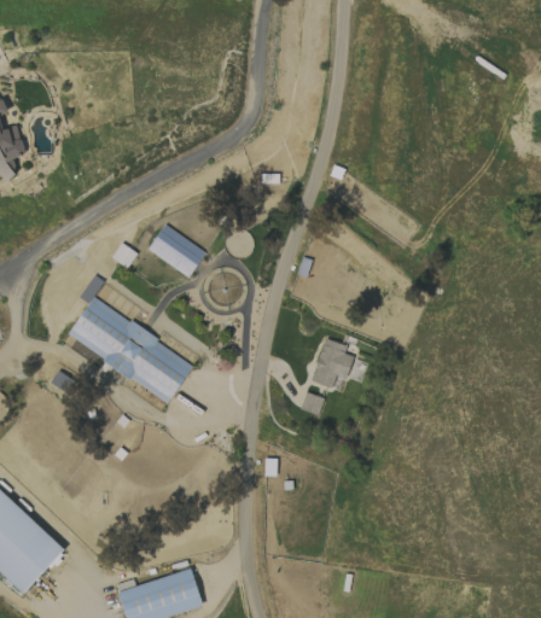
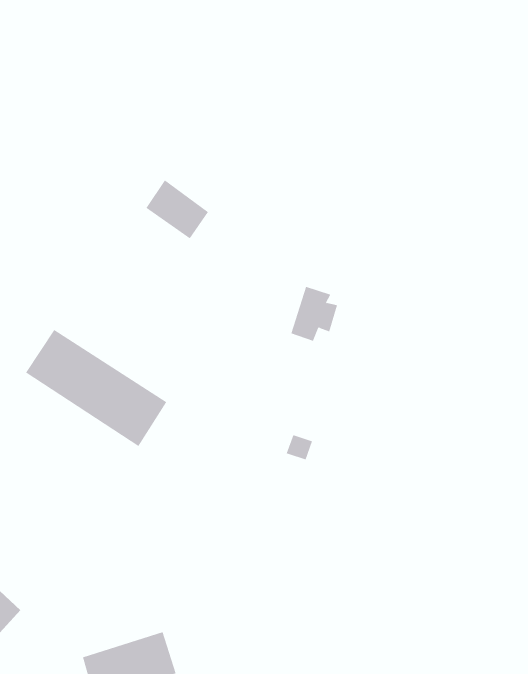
building: [149,225,205,278] -> [145,180,209,239]
building: [312,339,354,389] -> [291,286,338,342]

